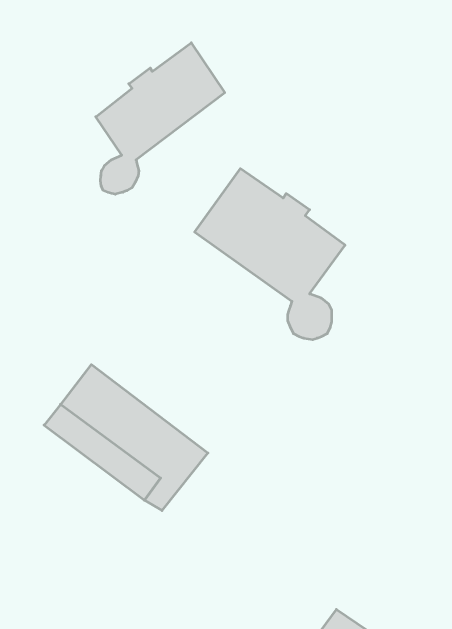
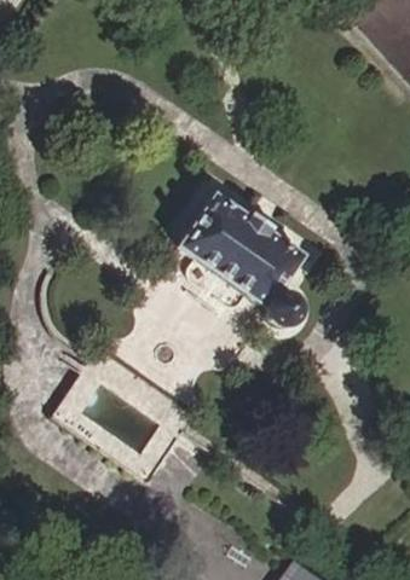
building: [96,43,225,194] -> none

